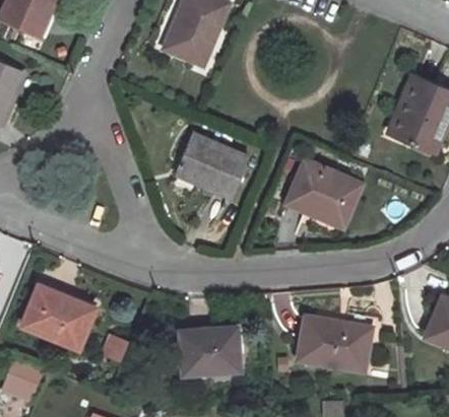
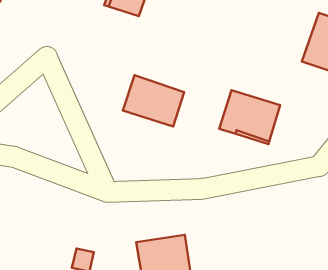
building: [22,284,95,349] -> none
building: [298,316,371,369] -> none

